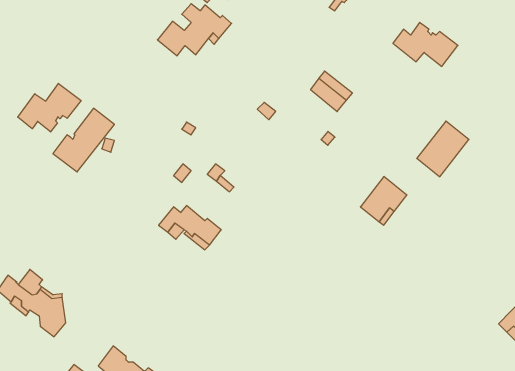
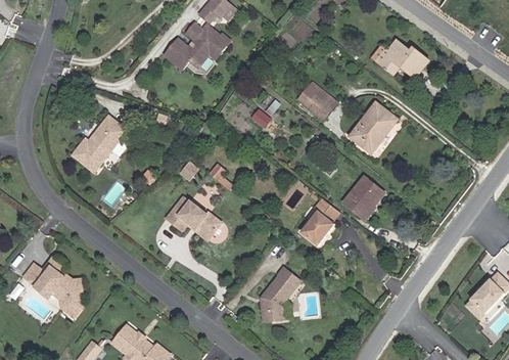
building: [18,83,81,132] -> none
building: [417,121,469,177] -> [351,103,397,152]
building: none -> [302,198,339,245]
building: none -> [261,268,299,321]

